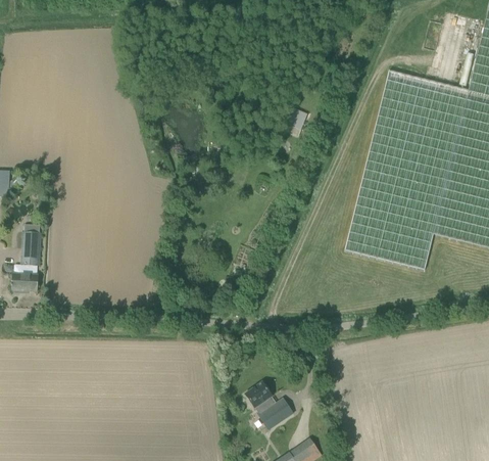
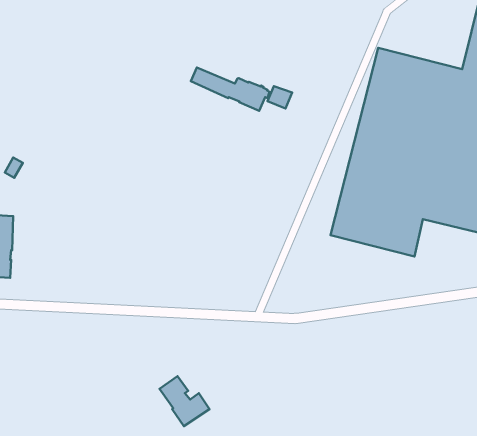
building: none -> [191,67,269,111]
building: [245,380,293,428] -> [159,376,209,426]

